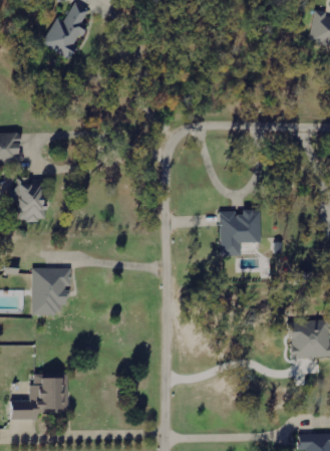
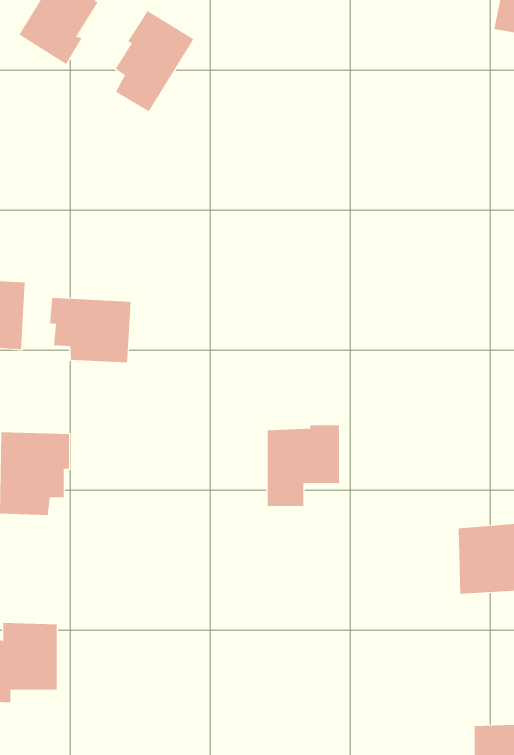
building: none -> [115,10,194,112]
building: none -> [49,297,131,363]
building: [220,209,261,255] -> [267,425,340,507]

